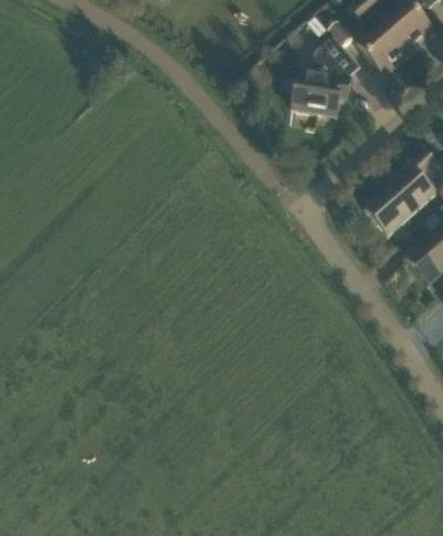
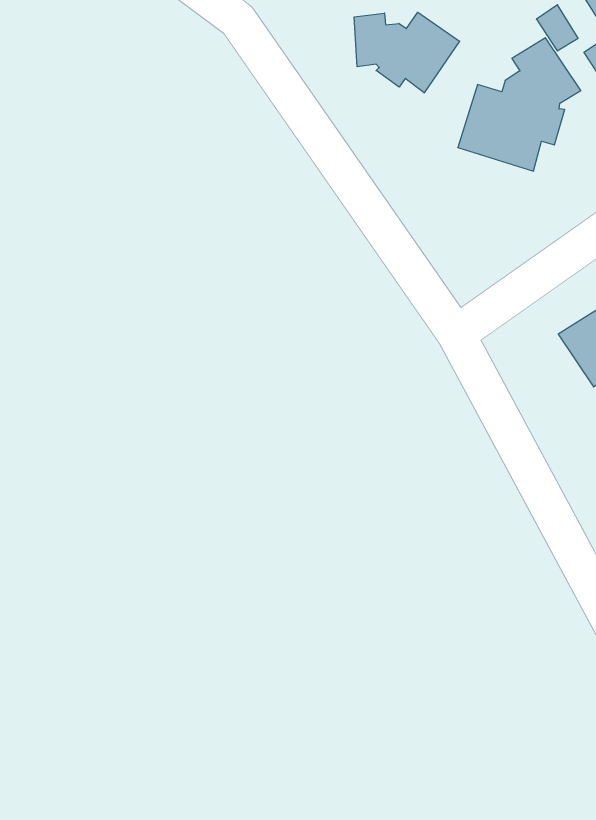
building: none -> [354,12,460,93]

